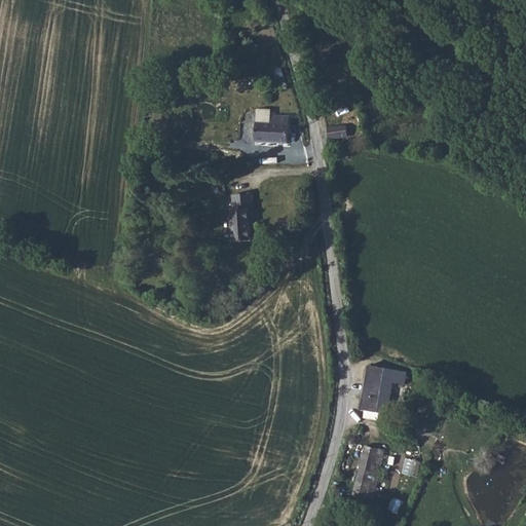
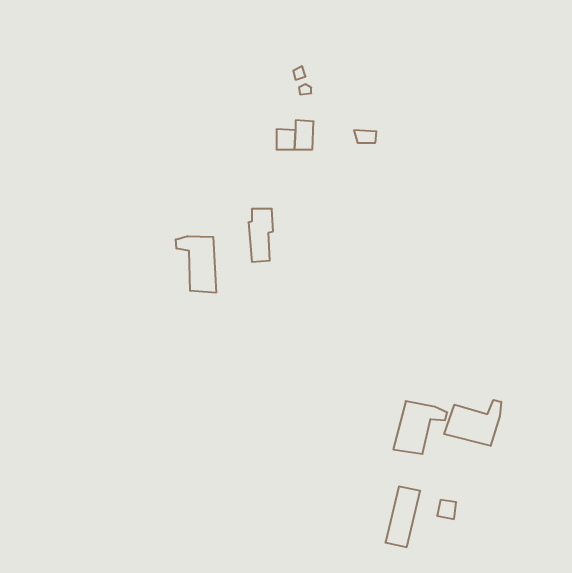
building: none -> [176,236,216,293]
building: none -> [444,400,501,446]

